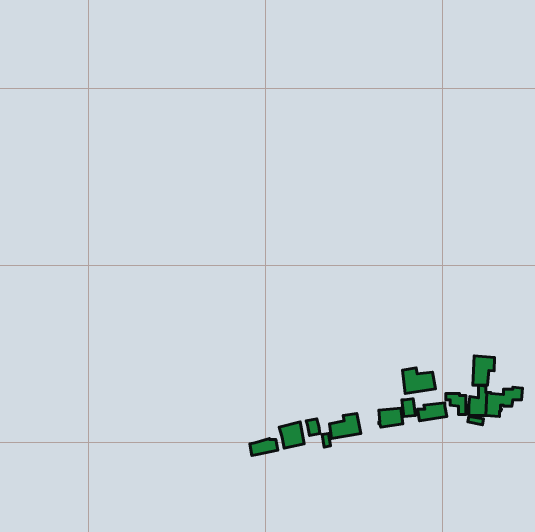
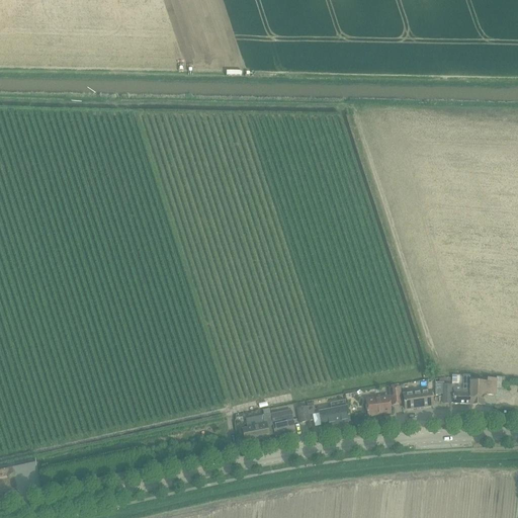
building: [473,356,494,385] -> none
building: [402,368,435,394] -> none

